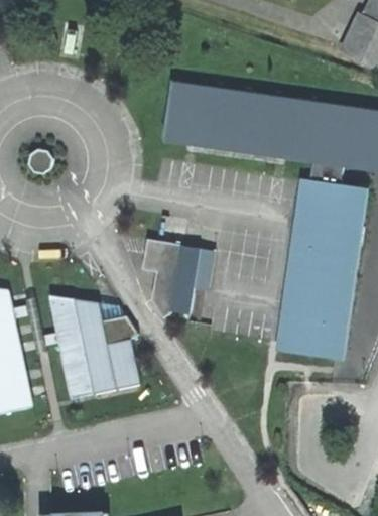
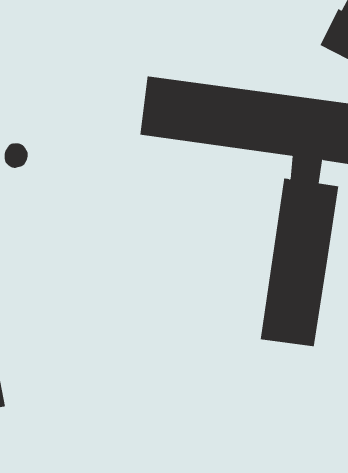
building: [143,239,202,316] -> none
building: [51,295,141,398] -> none

